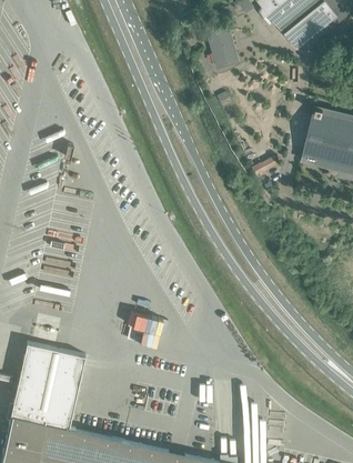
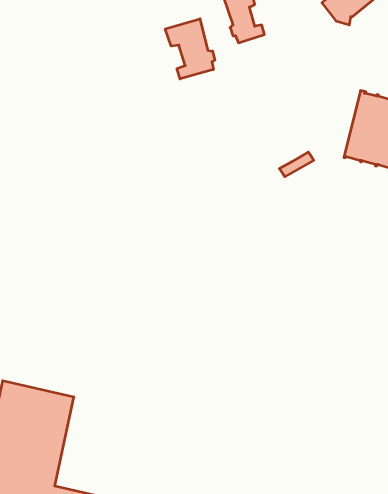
building: none -> [165,19,215,79]

